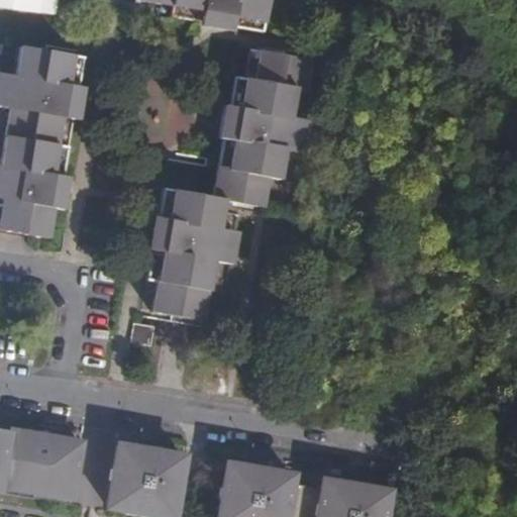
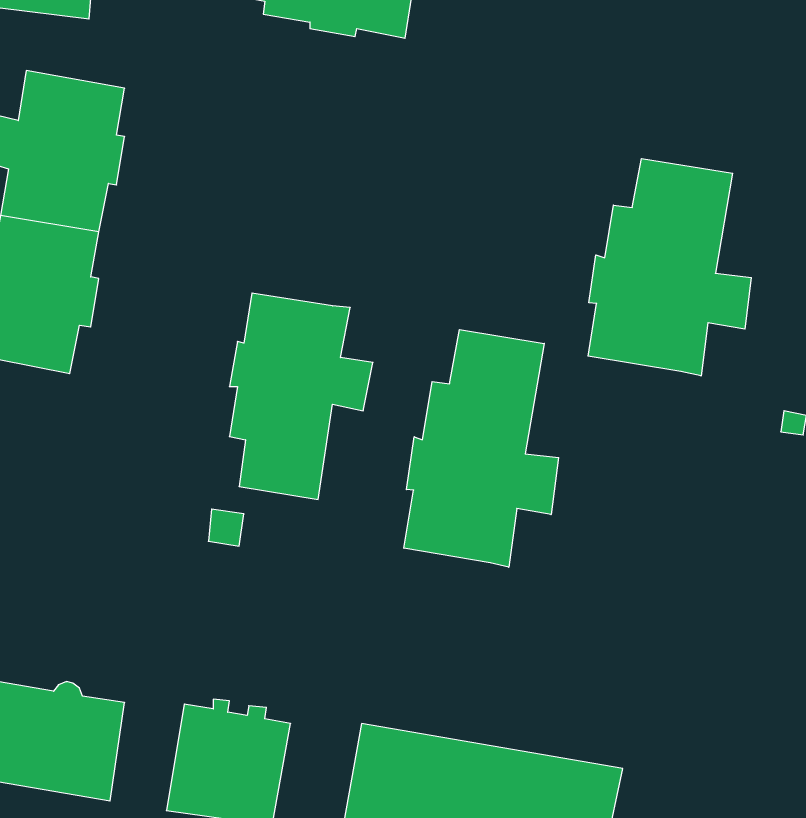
building: [213,46,309,203] -> none
building: none -> [588,159,751,376]
building: none -> [404,330,559,567]

